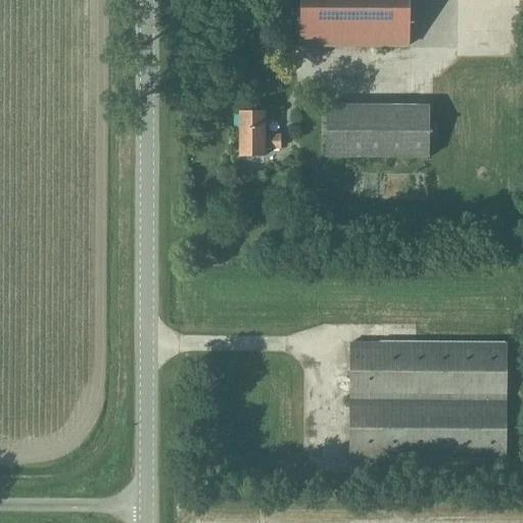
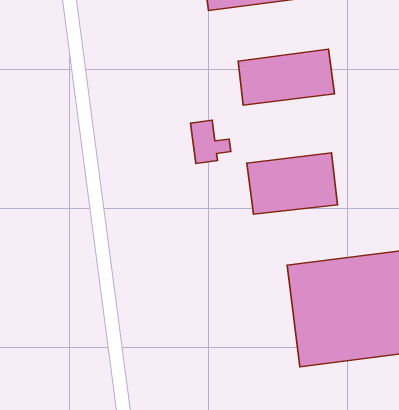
building: [239,108,280,154] -> [191,120,231,164]
building: none -> [247,153,338,214]

